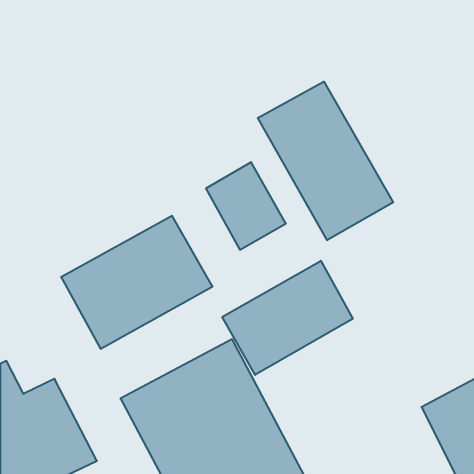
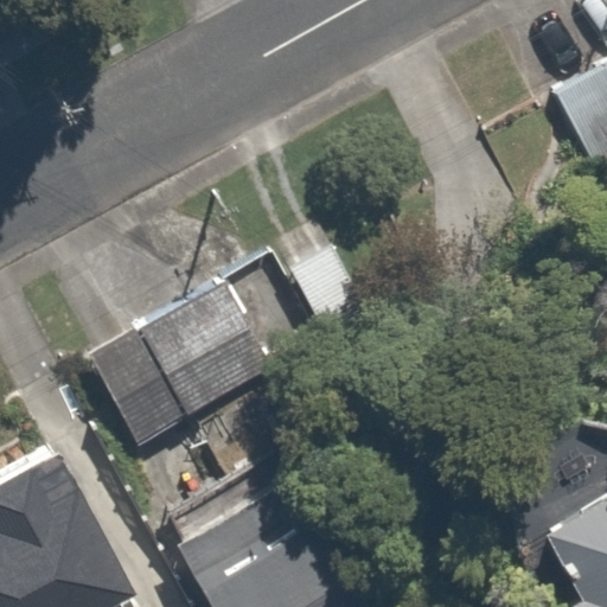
building: [258,82,393,240] -> none
building: [222,261,353,375] -> none

